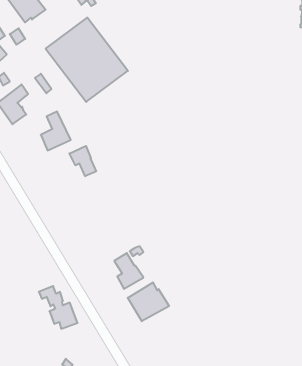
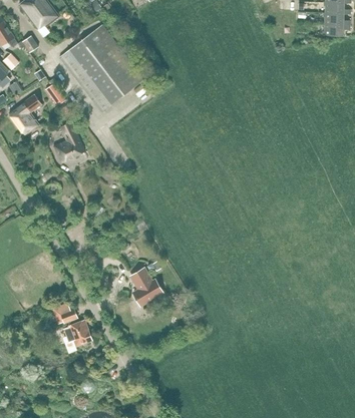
building: [69,146,96,176] -> none
building: [128,282,169,321] -> none

